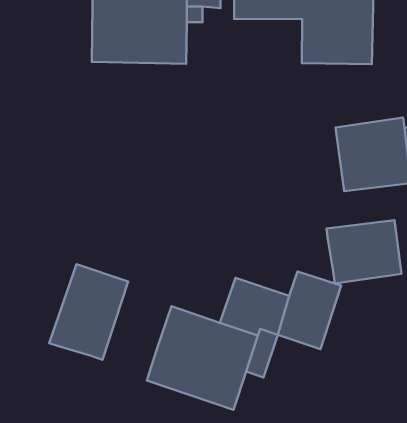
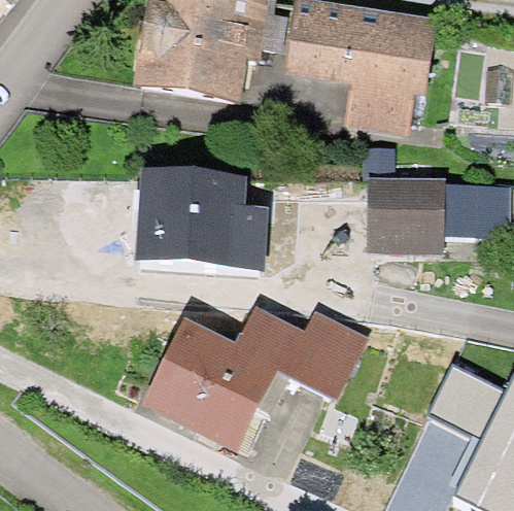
building: none -> [141,177,261,267]
building: [326,220,402,284] -> none
building: [49,264,128,360] -> none

